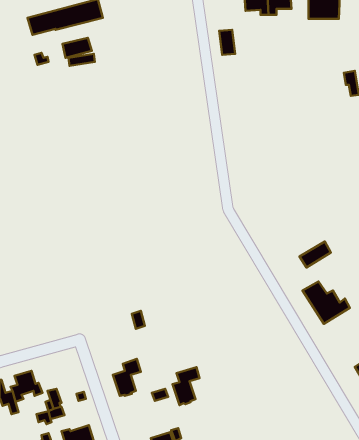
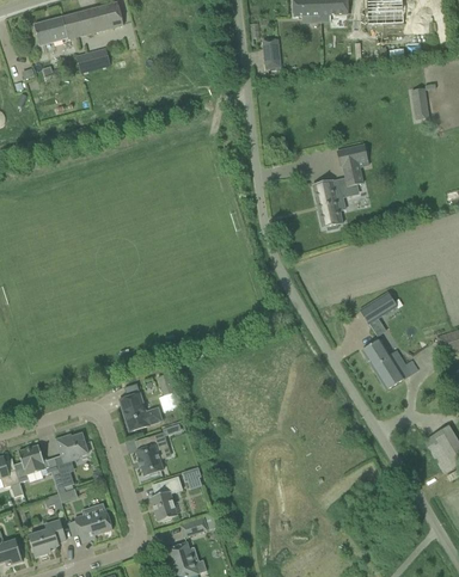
building: none -> [312,143,368,229]
building: none -> [118,392,163,430]
building: none -> [56,432,87,461]
building: [172,367,199,405] -> [149,475,182,521]

